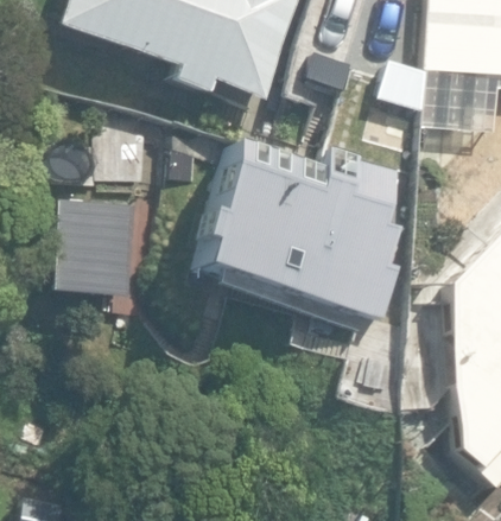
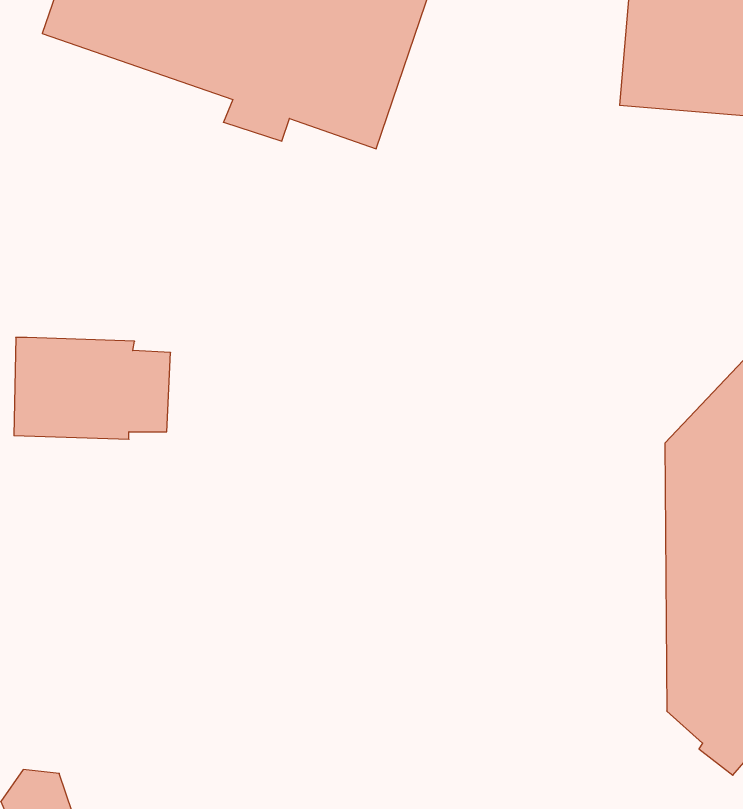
building: [220,146,362,285] -> none

